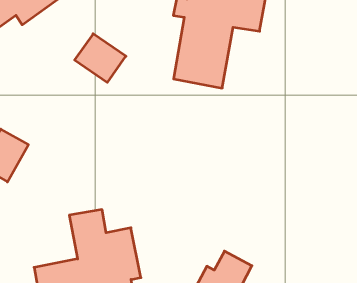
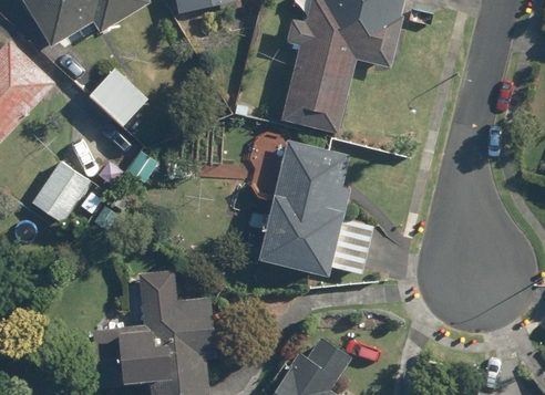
building: [75,34,126,82] -> [86,66,150,127]
building: none -> [250,148,374,277]

